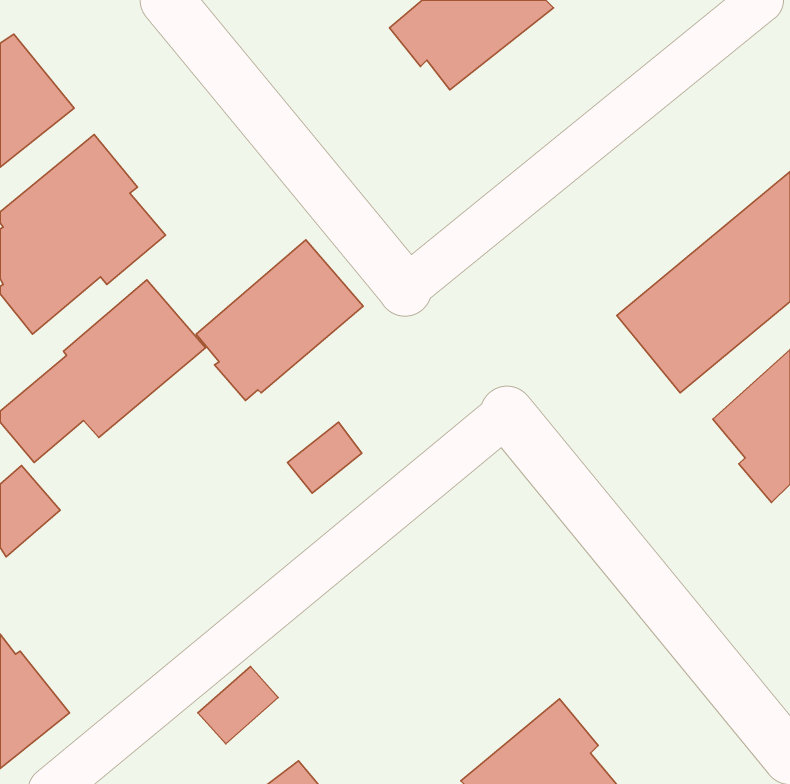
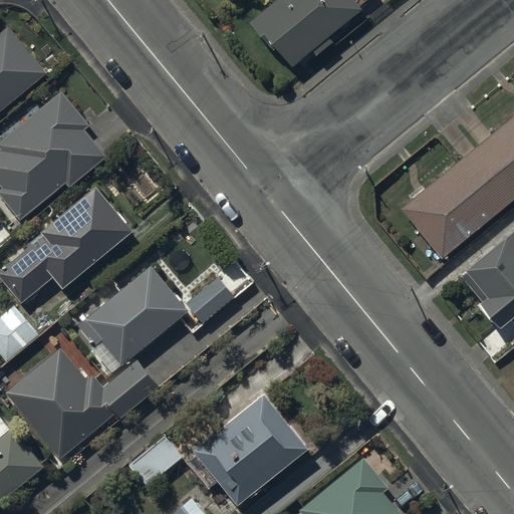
building: [196,240,363,401] -> [80,267,189,371]
building: none -> [5,347,160,460]
building: none -> [188,392,309,504]

